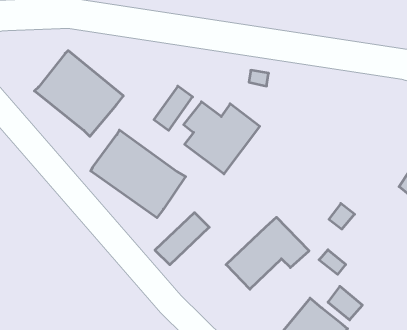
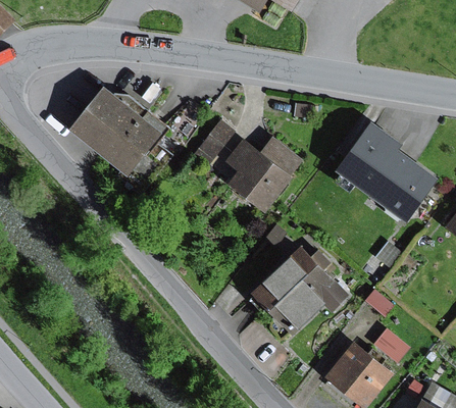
building: none -> [336,120,437,220]
building: [91,130,186,218] -> none
building: [155,213,209,265] -> [251,253,307,307]

